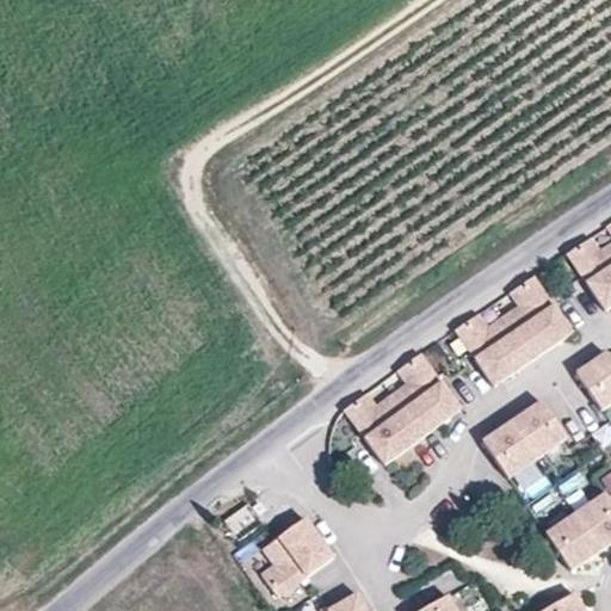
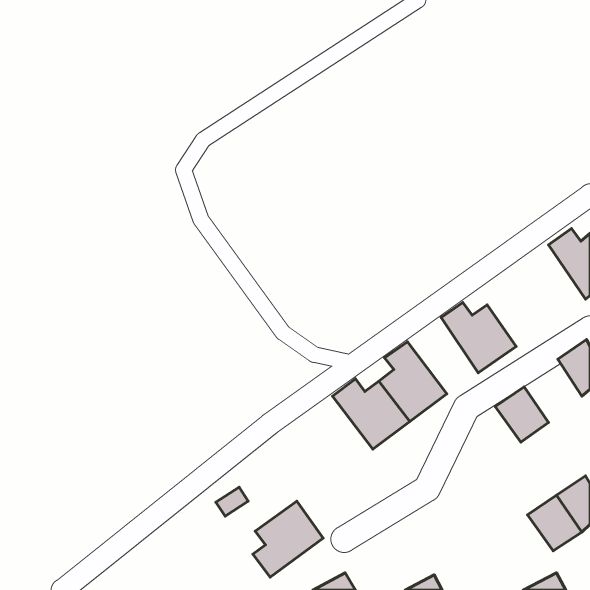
building: [504,274,573,358] -> none
building: [483,420,538,477] -> none

